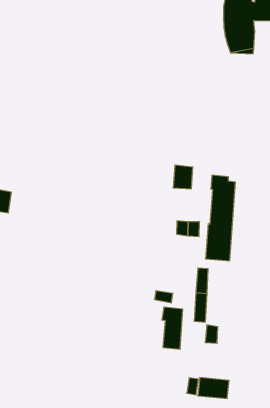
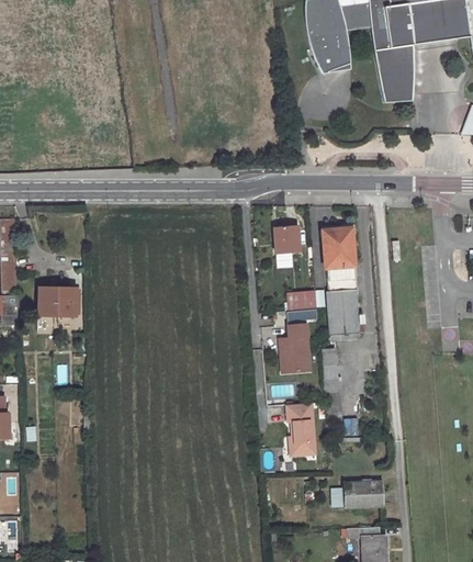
building: none -> [280,323,311,371]

